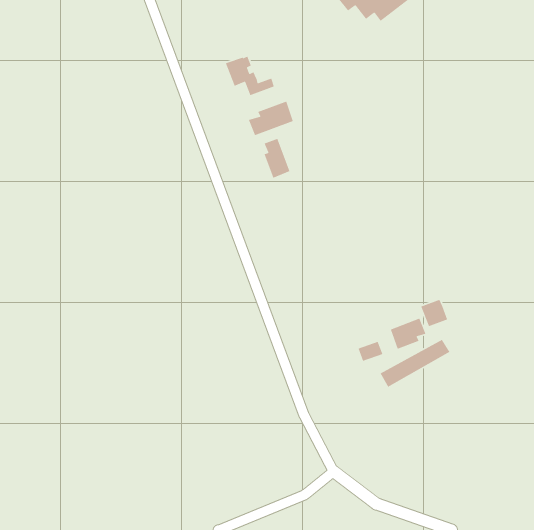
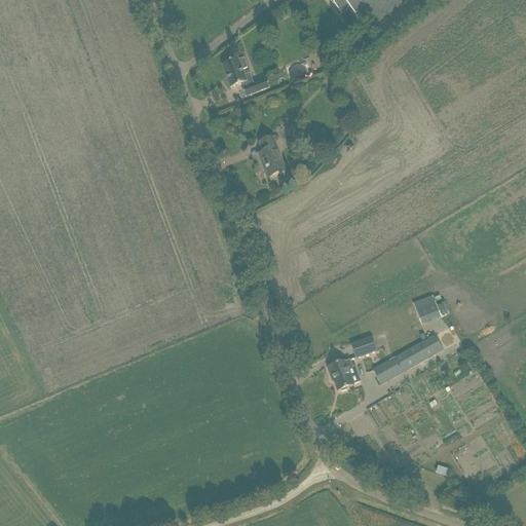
building: [248,101,294,136] -> none
building: [390,317,427,350] -> none
building: none -> [328,356,353,388]

